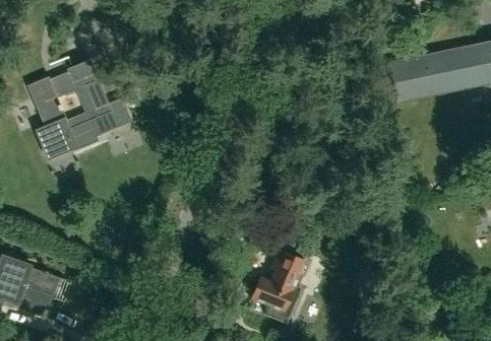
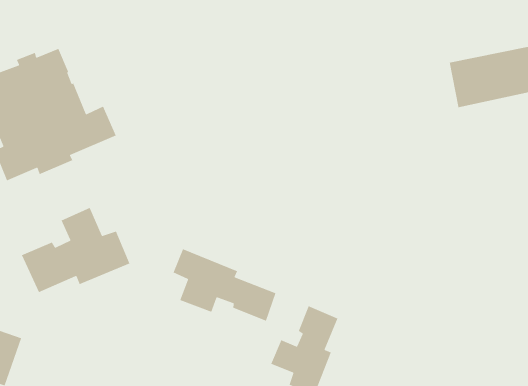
building: none -> [21,207,131,293]
building: none -> [173,248,277,322]

